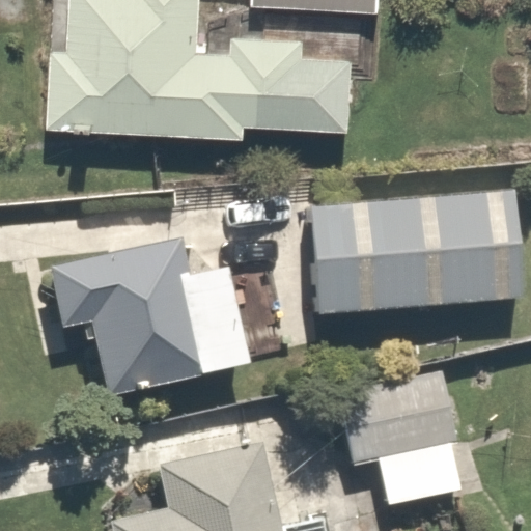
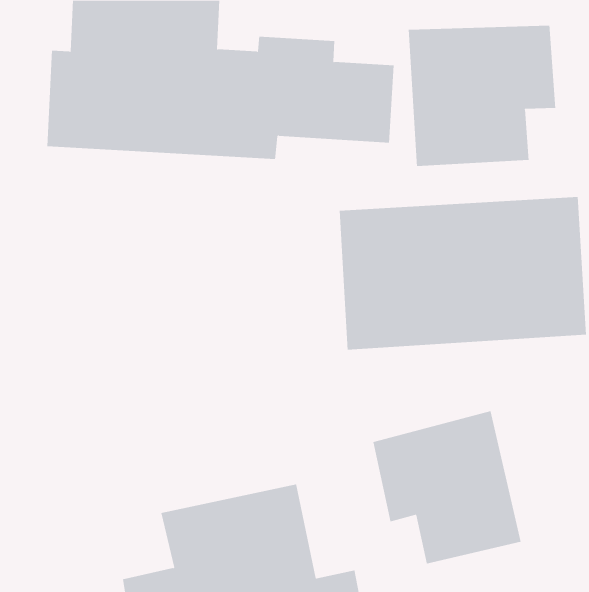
building: none -> [408,25,556,167]
building: [51,243,247,397] -> none

